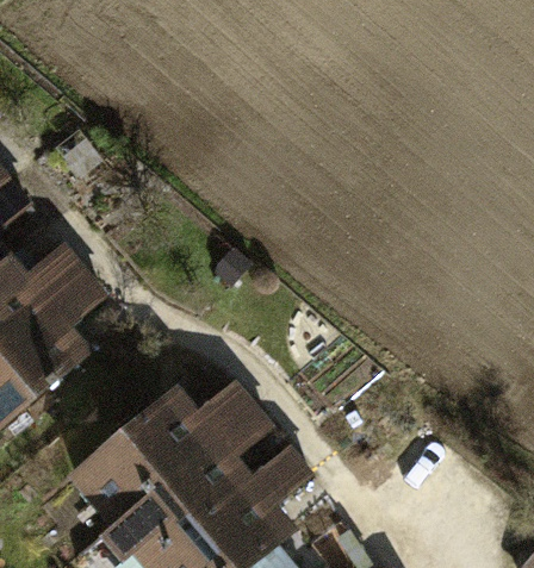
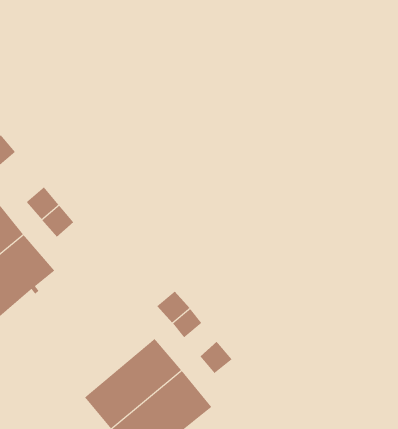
building: [76,395,209,520] -> none

